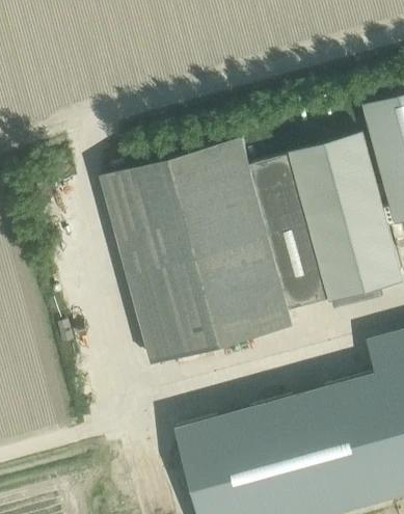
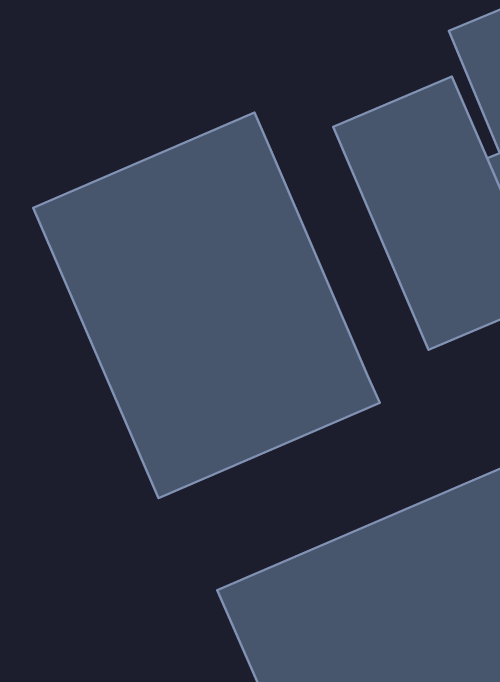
building: [248,154,327,308] -> none

